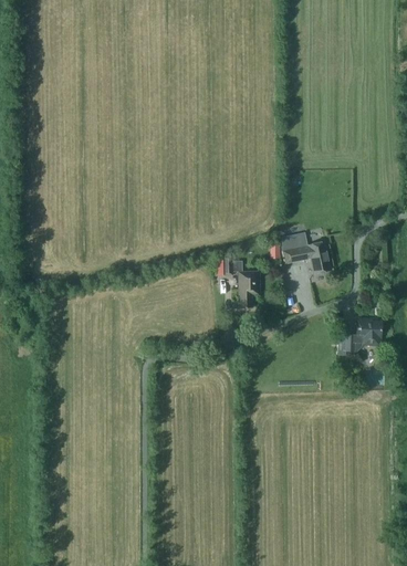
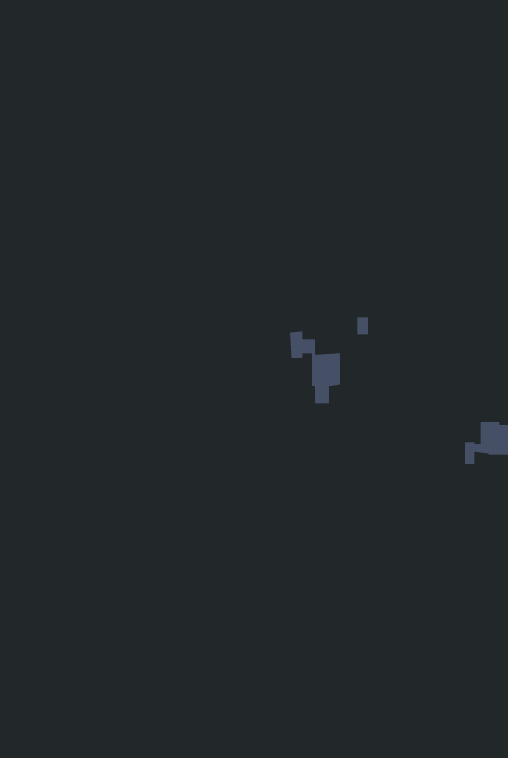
building: [282,240,331,272] -> none

